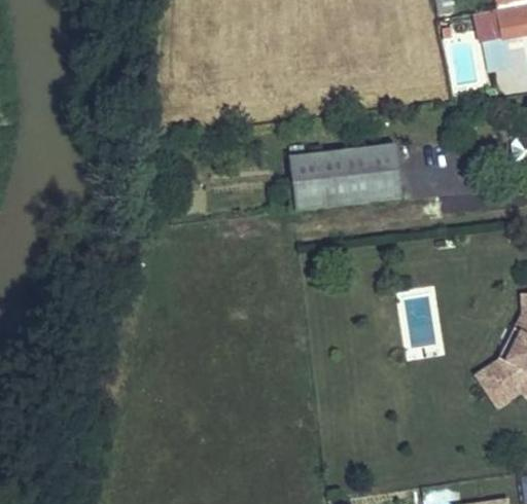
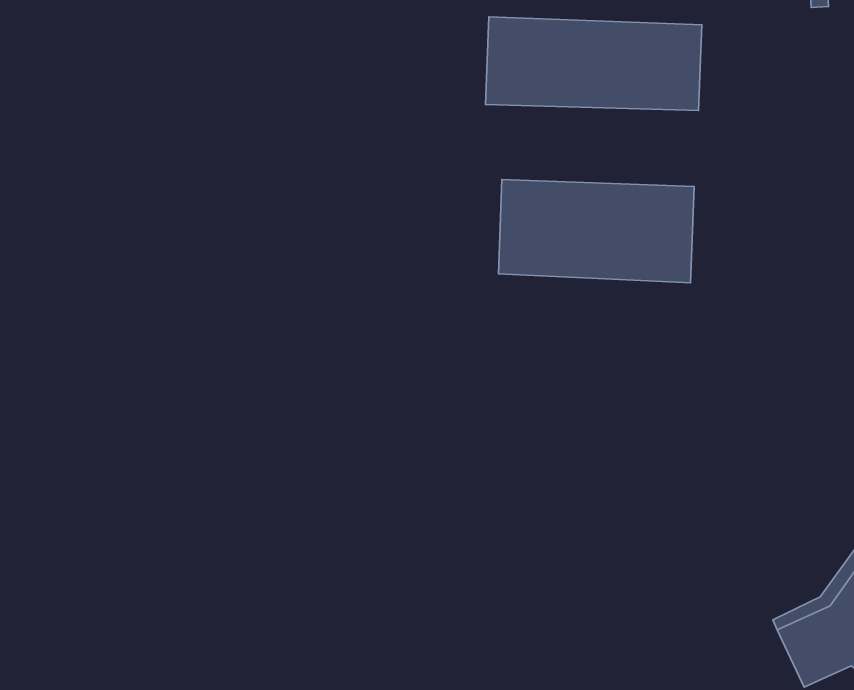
building: none -> [486,17,702,111]

